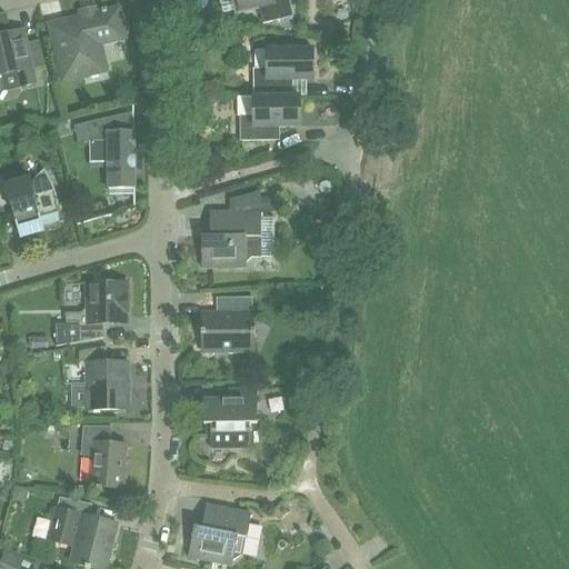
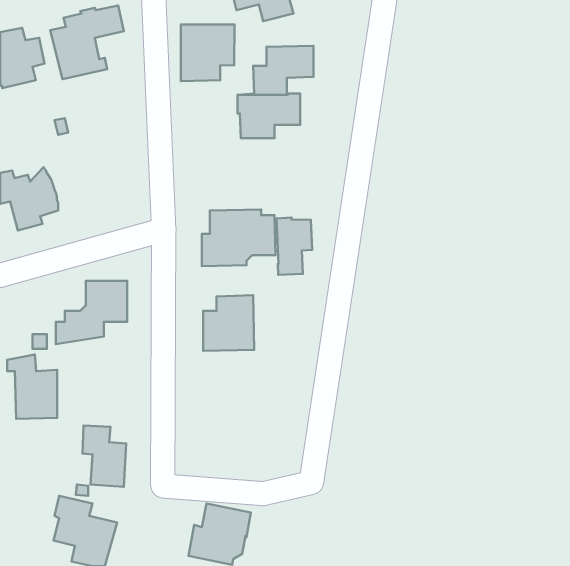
building: none -> [181,24,235,81]
building: [73,116,134,186] -> none
building: none -> [277,218,312,275]
building: [78,343,128,408] -> [7,354,57,419]
building: [202,386,257,446] -> none

